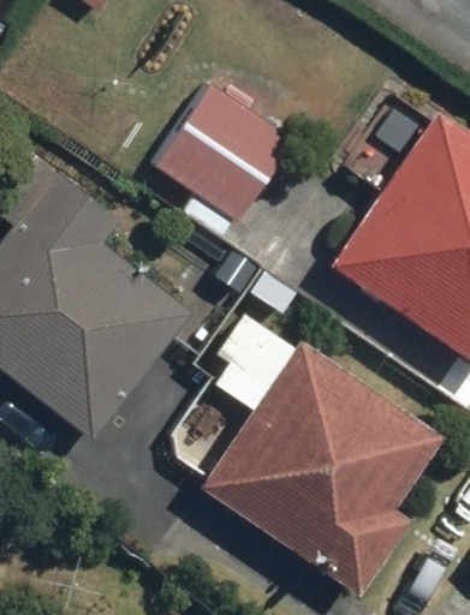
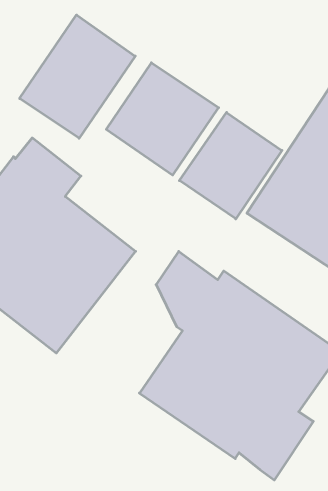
building: none -> [20,15,135,138]
building: none -> [179,112,282,219]

